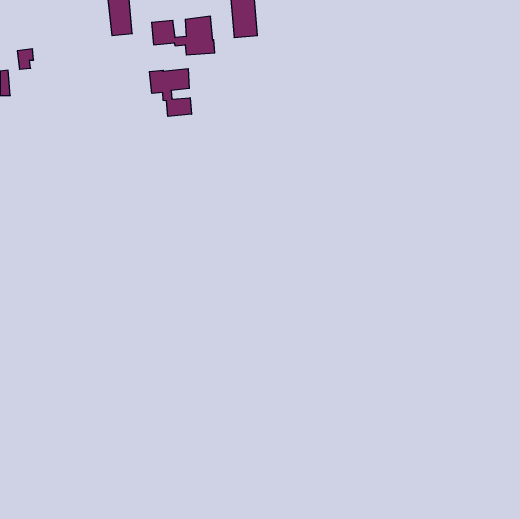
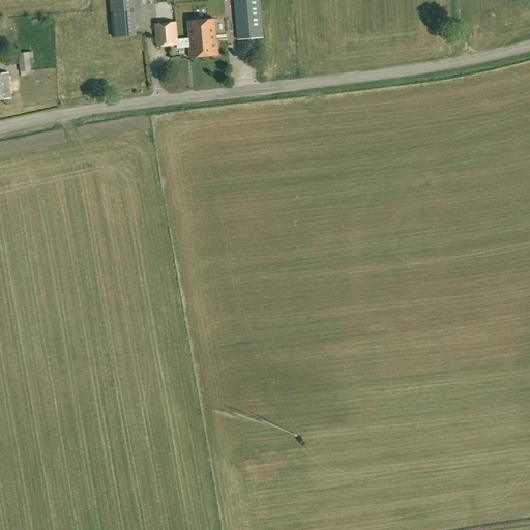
building: [149,69,192,116] -> none

